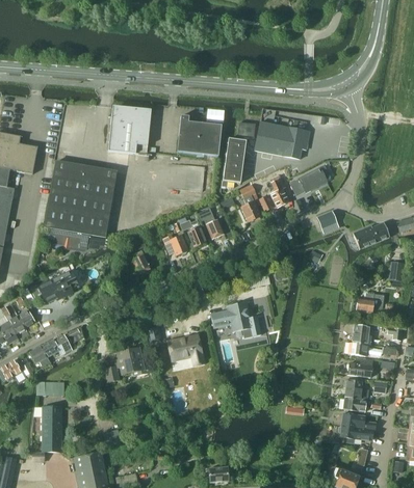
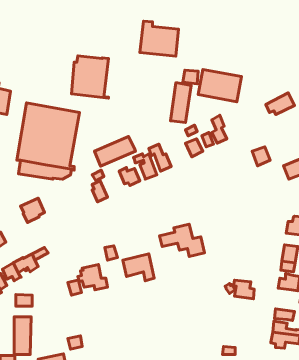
building: [177,115,222,156] -> [140,21,178,56]
building: [293,167,327,192] -> [266,93,295,114]
building: none -> [94,136,135,166]
building: [343,379,367,401] -> [234,280,254,299]

